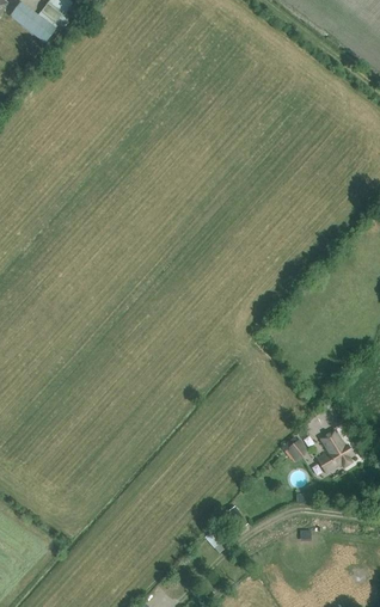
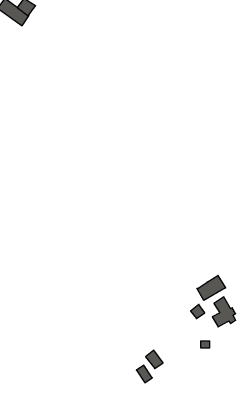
building: none -> [197,275,226,300]

